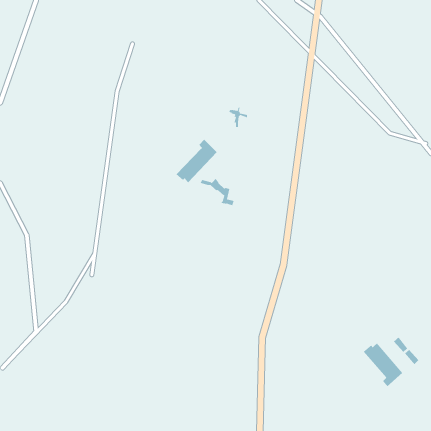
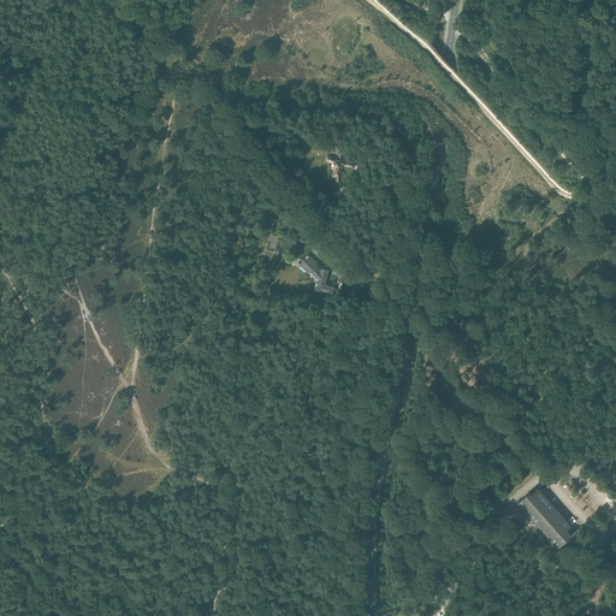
building: [176,139,218,183] -> none

